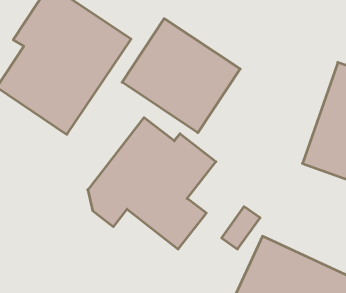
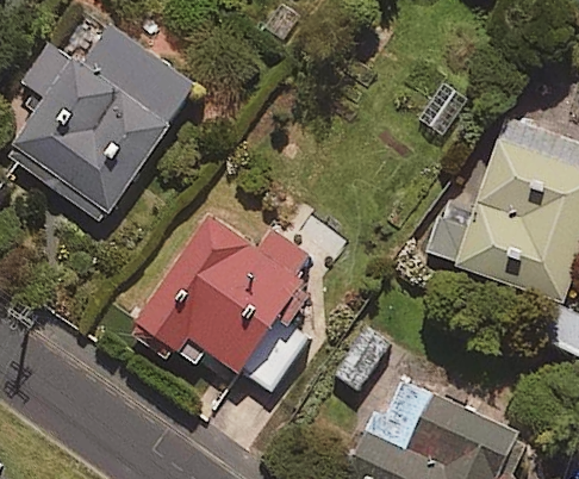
building: [122,19,240,133] -> none

